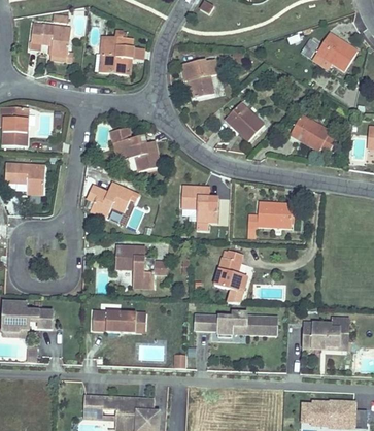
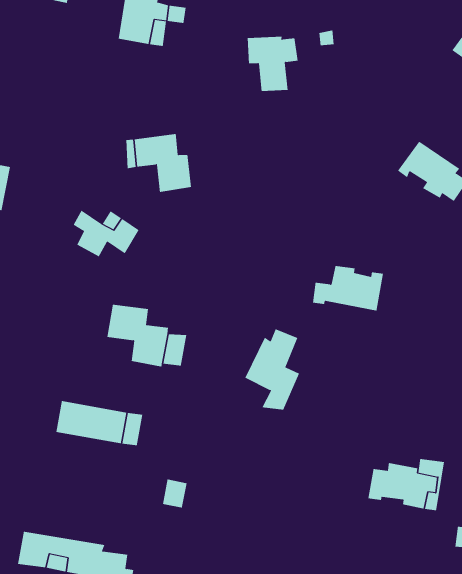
building: [224,105,263,142] -> none
building: [182,187,219,222] -> none
building: [196,312,279,338] -> none

